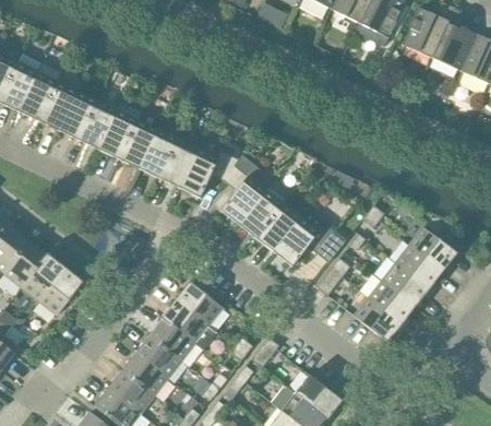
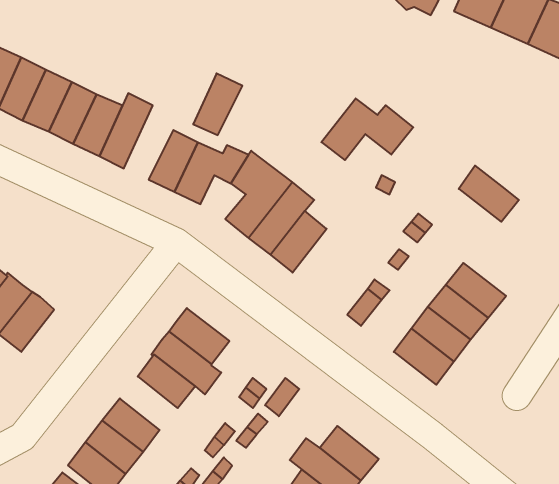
building: [139,130,178,179] -> [193,73,242,135]
building: [273,218,346,268] -> [321,98,413,160]
building: [409,227,457,272] -> [459,166,519,222]
building: [135,336,181,379] -> none

